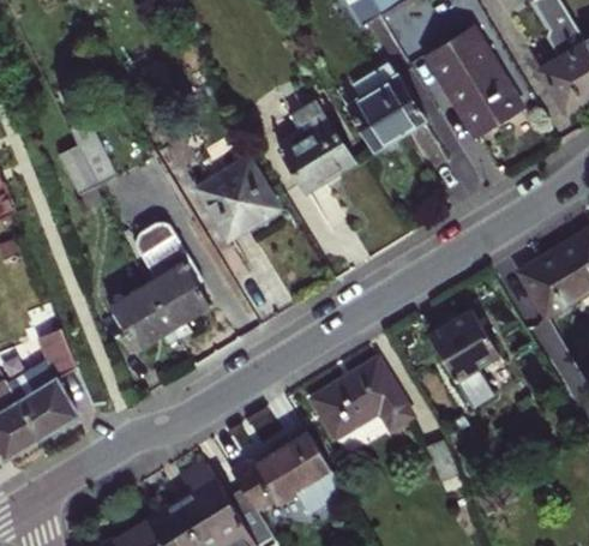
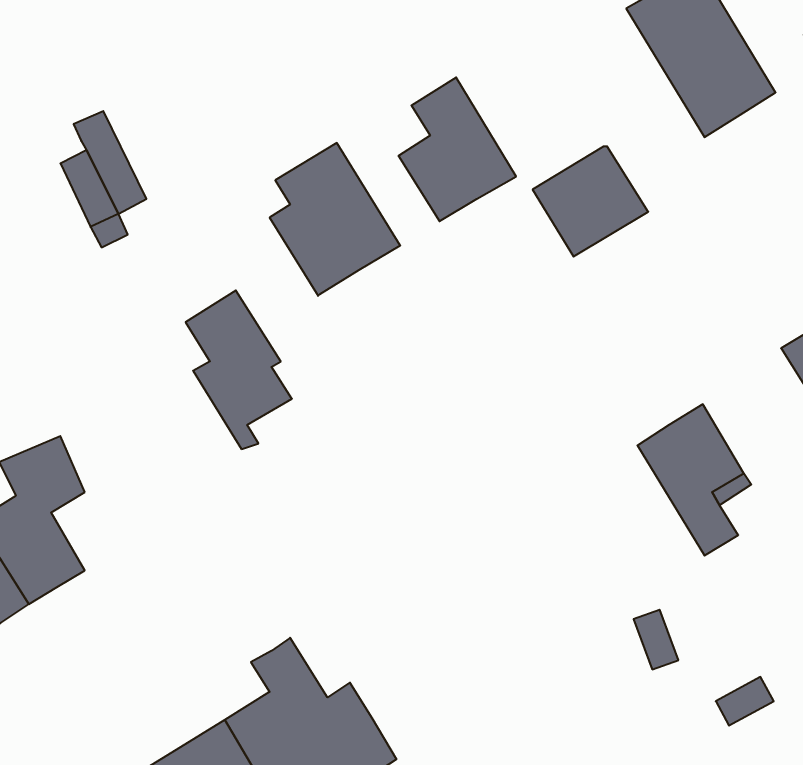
building: [347,78,421,149] -> [533,146,648,257]
building: [109,287,176,348] -> none
building: [311,360,411,439] -> none
building: [235,425,348,514] -> none

